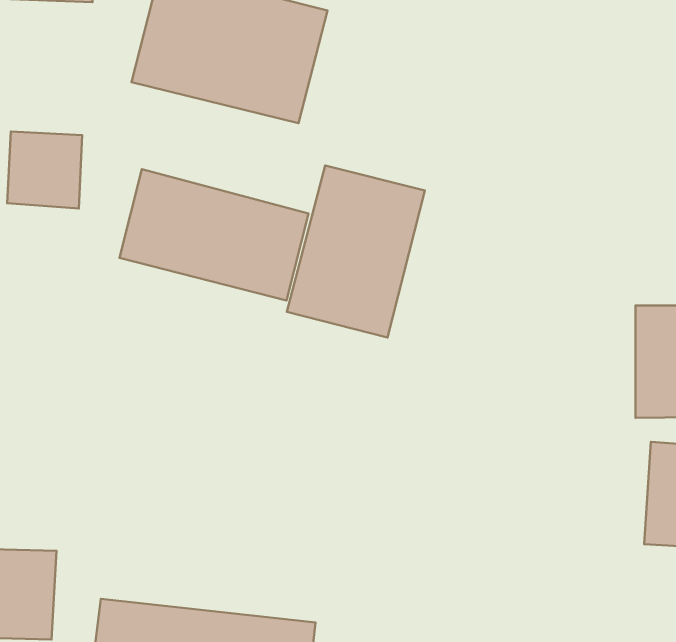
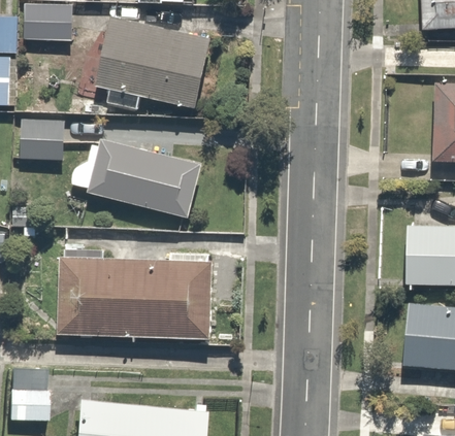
building: [287,165,425,338] -> none
building: none -> [58,258,213,339]

